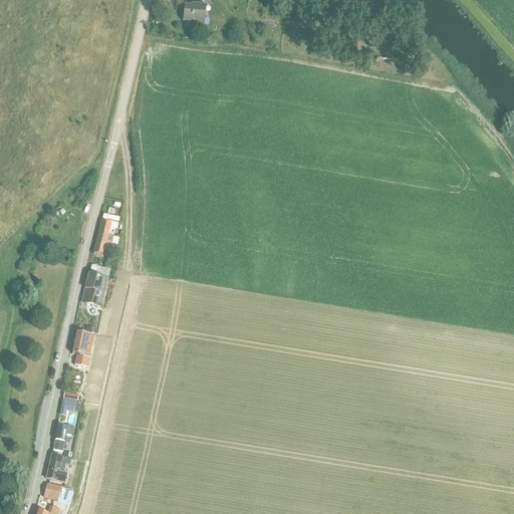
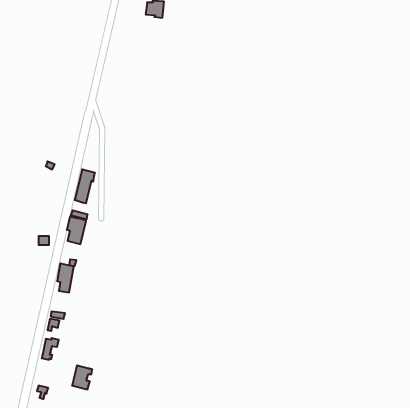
building: [44,452,69,482] -> [72,365,92,389]

